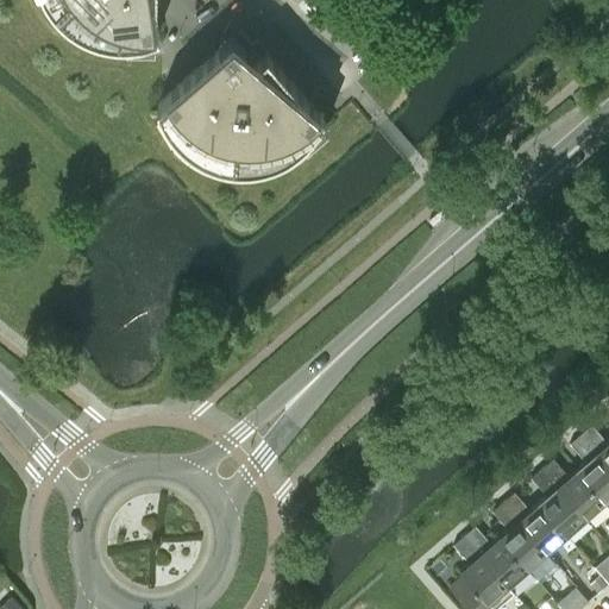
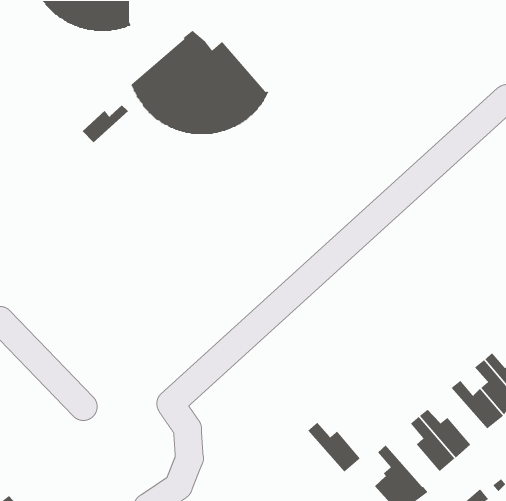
building: none -> [82,104,129,143]
building: [530,472,585,540] -> none
building: [464,529,528,590] -> [307,422,361,472]

